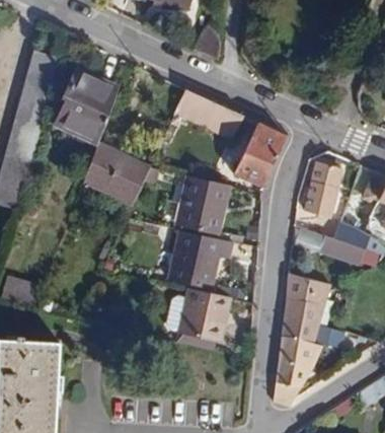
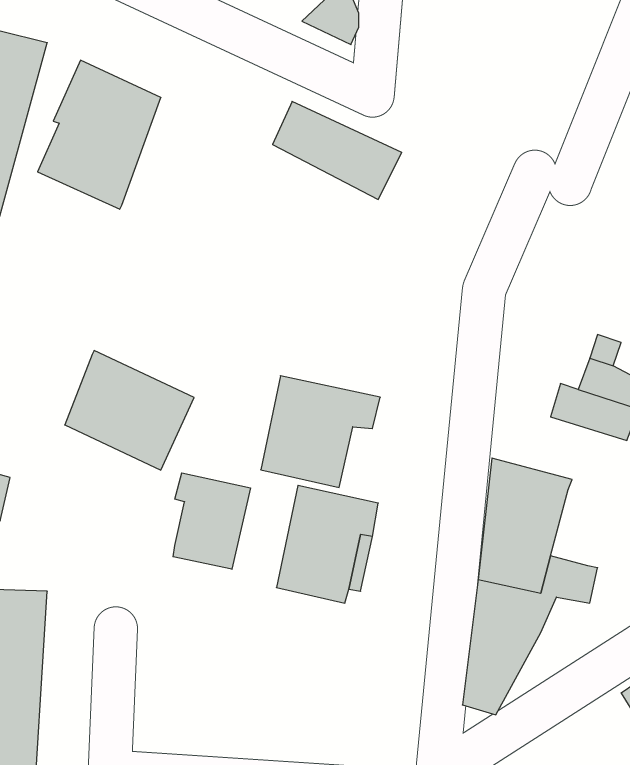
building: [235,123,285,186] -> none
building: [83,142,150,204] -> [65,351,194,470]
building: [309,167,342,211] -> none
building: [178,175,230,233] -> none
building: none -> [173,473,250,569]

